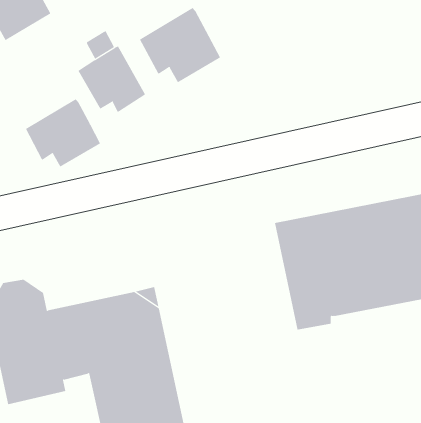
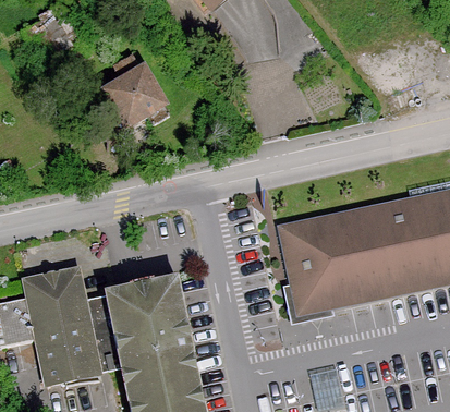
building: [139,7,221,83] -> none
building: [25,98,101,168] -> none

